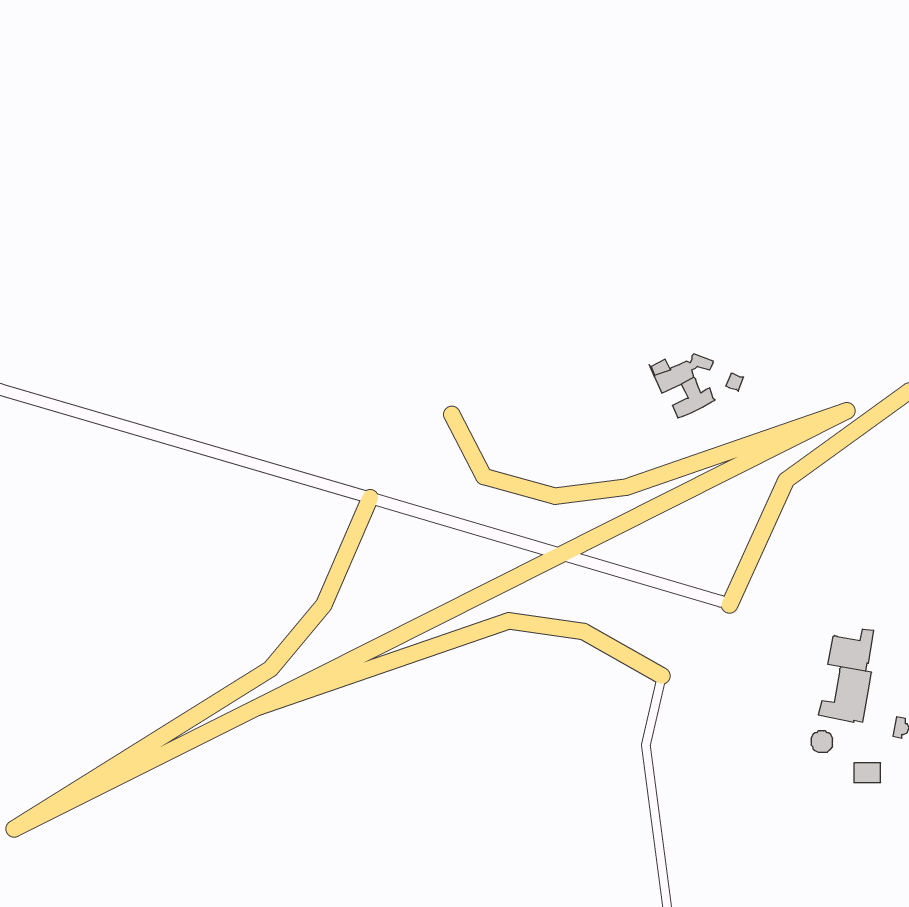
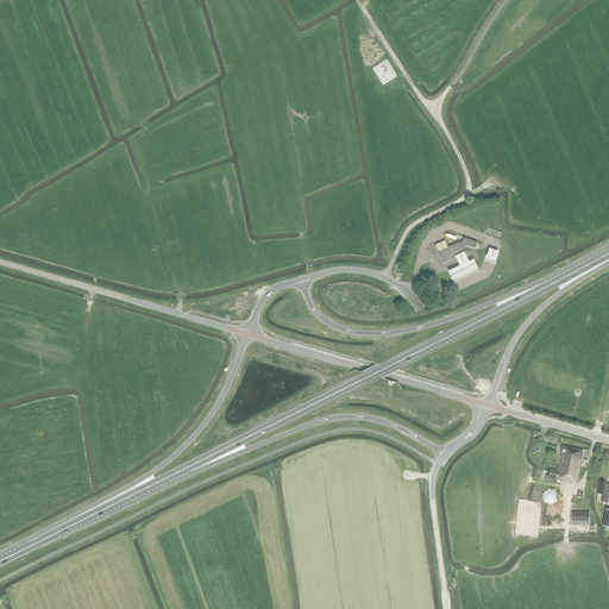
building: [828,629,874,671] -> none

